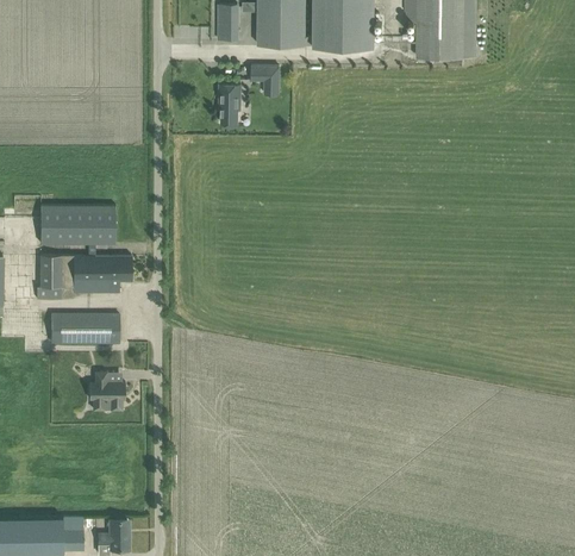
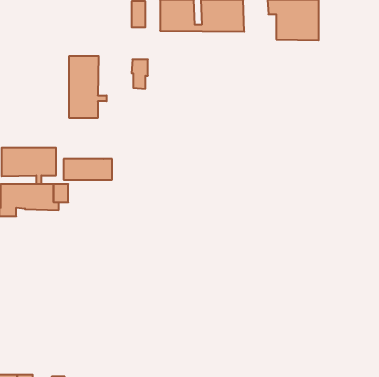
building: [250,67,279,94] -> none
building: none -> [69,56,107,118]
building: [51,314,118,343] -> [64,159,112,180]
building: [88,371,124,411] -> none

